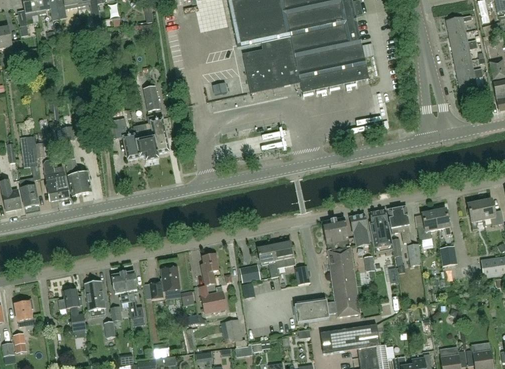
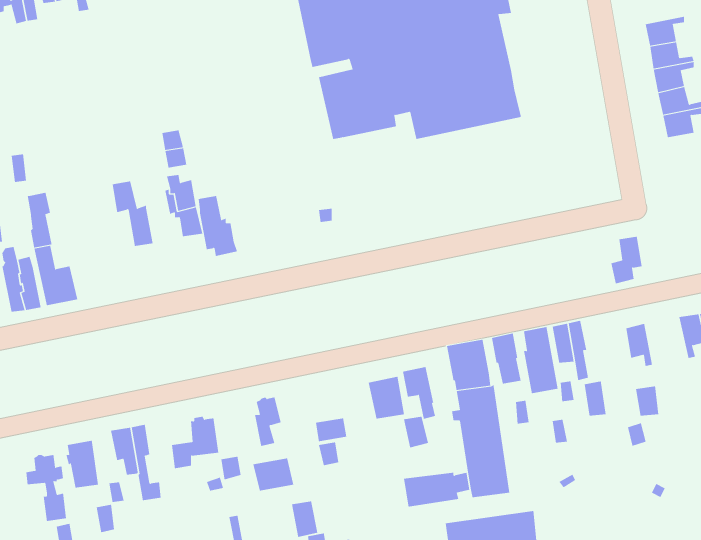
building: [134,124,159,162] -> [198,196,238,256]
building: [417,210,437,240] -> [610,236,642,284]
building: [258,244,279,277] -> [402,367,436,419]

